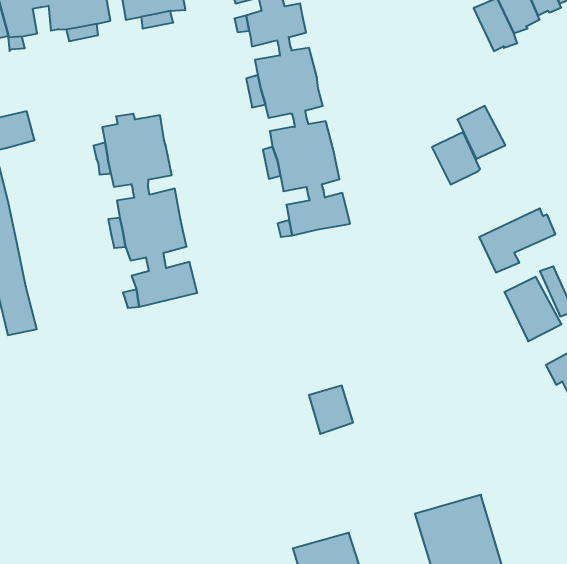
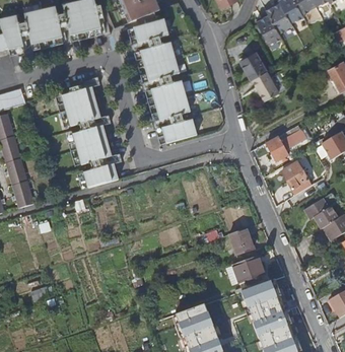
building: [432,132,480,185] -> [239,52,266,80]
building: [309,386,353,434] -> [228,228,253,255]
building: none -> [232,255,264,282]

